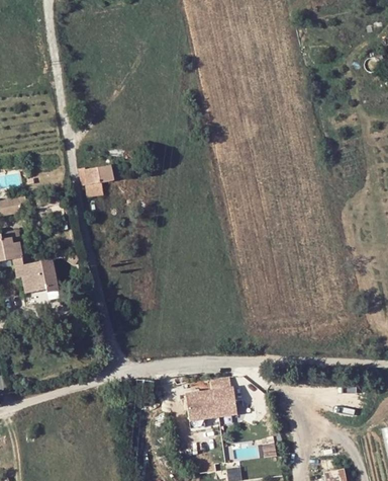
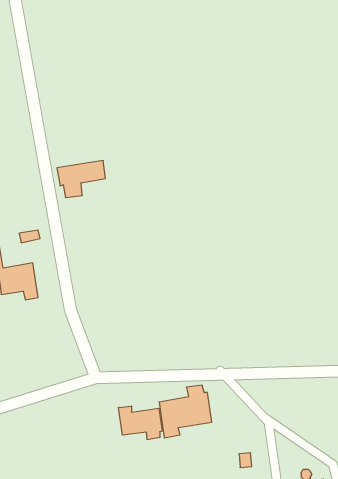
building: none -> [118,406,162,440]

